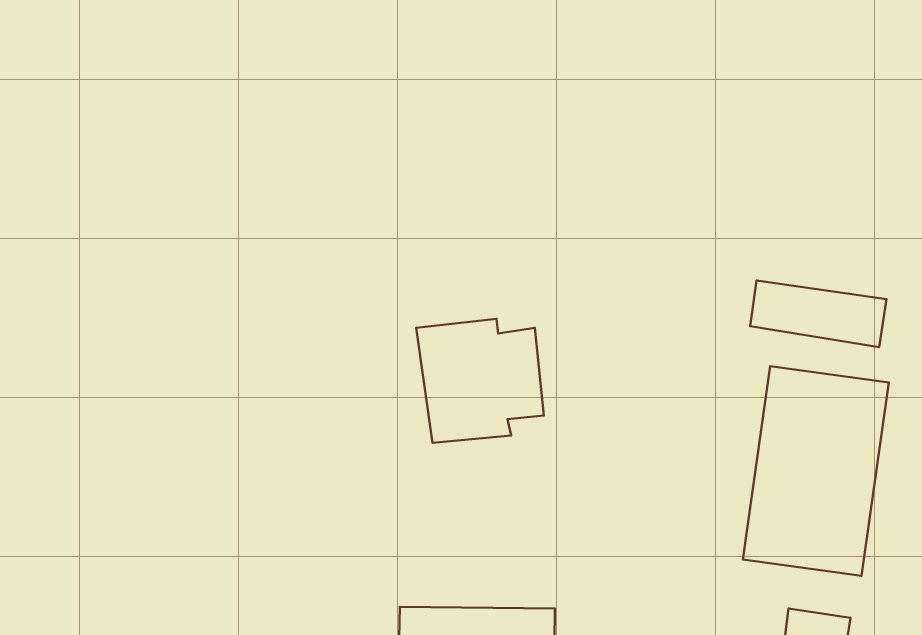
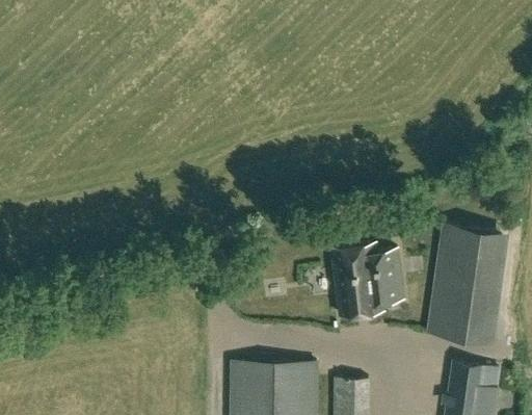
building: [750,281,887,347] -> none
building: [416,319,544,443] -> [330,247,403,317]

